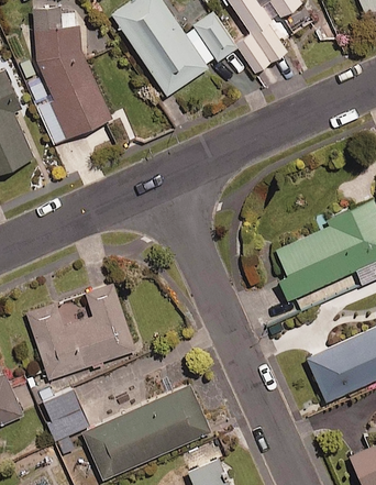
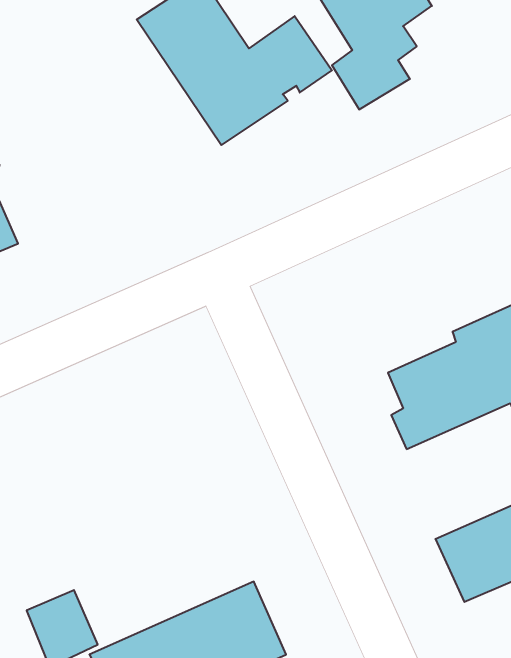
building: [34,12,113,150] -> none
building: [29,289,134,379] -> none

